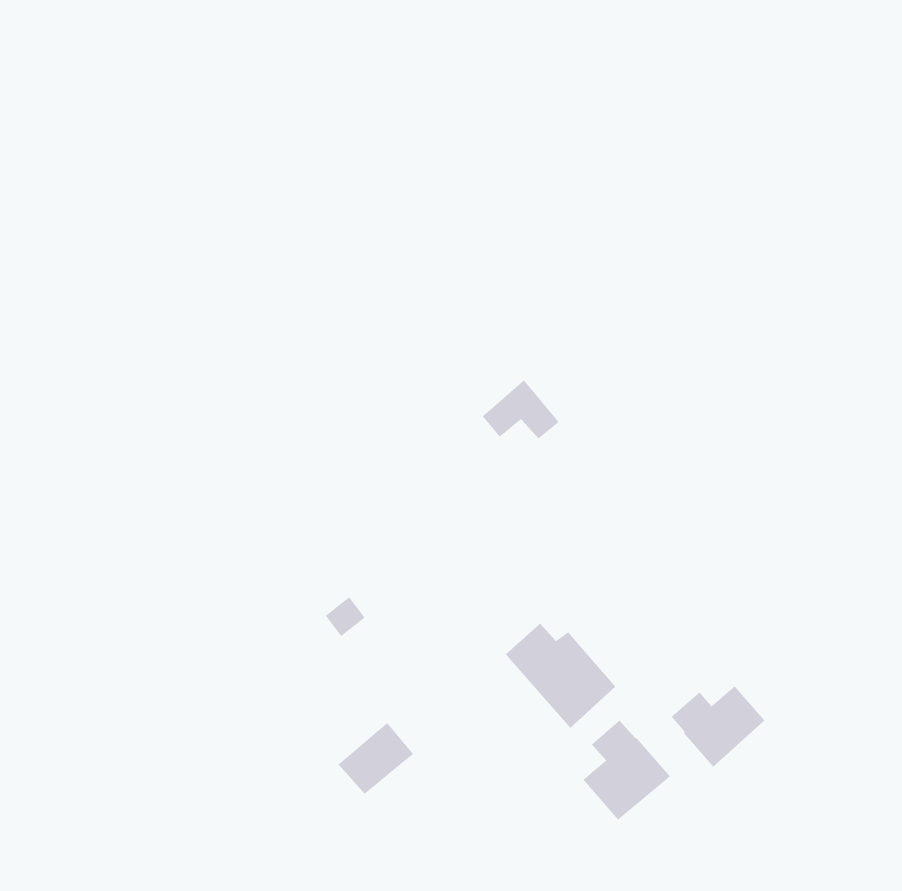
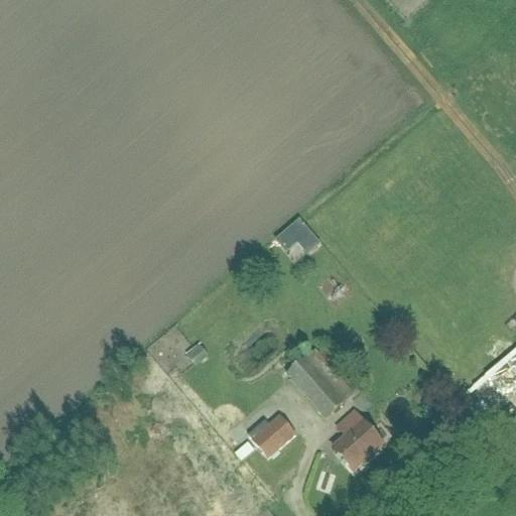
building: [671,685,765,767] -> none
building: [338,722,414,794] -> [252,414,295,456]

